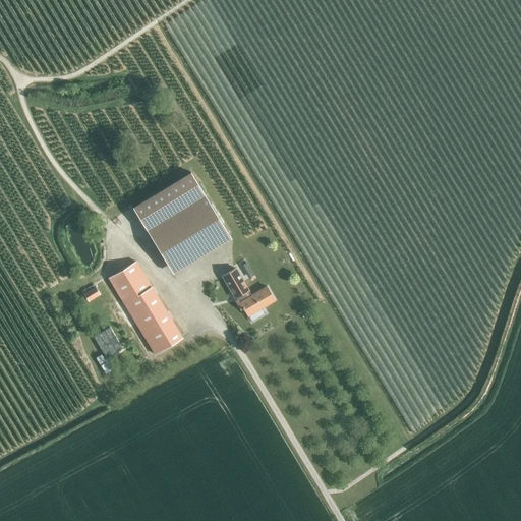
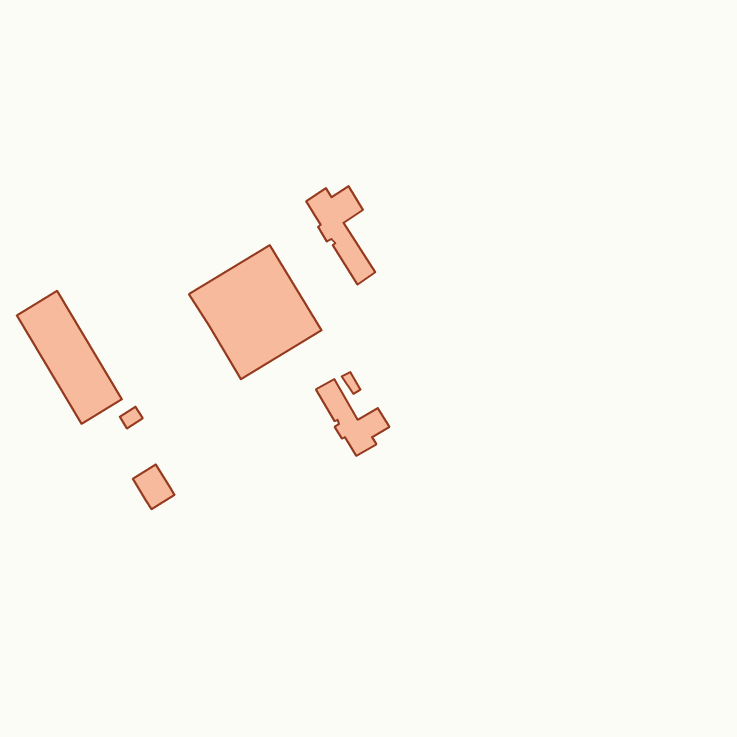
building: none -> [306,186,375,285]
building: [109,262,183,355] -> [17,291,122,424]

